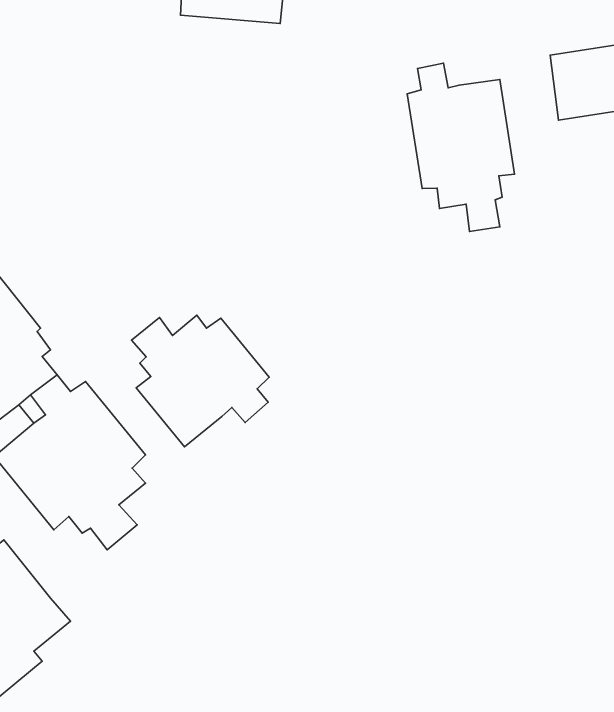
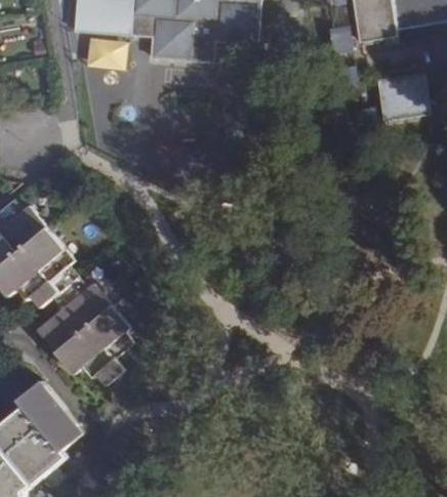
building: [407,63,515,231] -> none
building: [132,315,269,447] -> none

